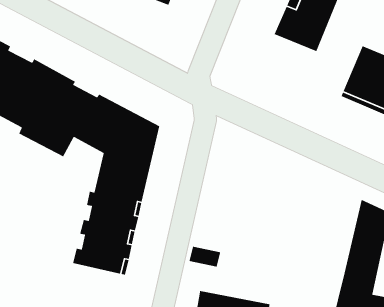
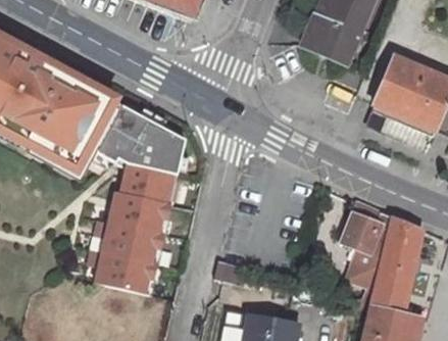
building: none -> [342,200,392,297]

